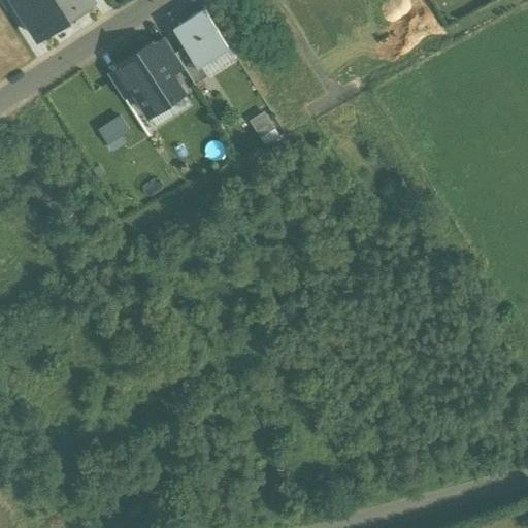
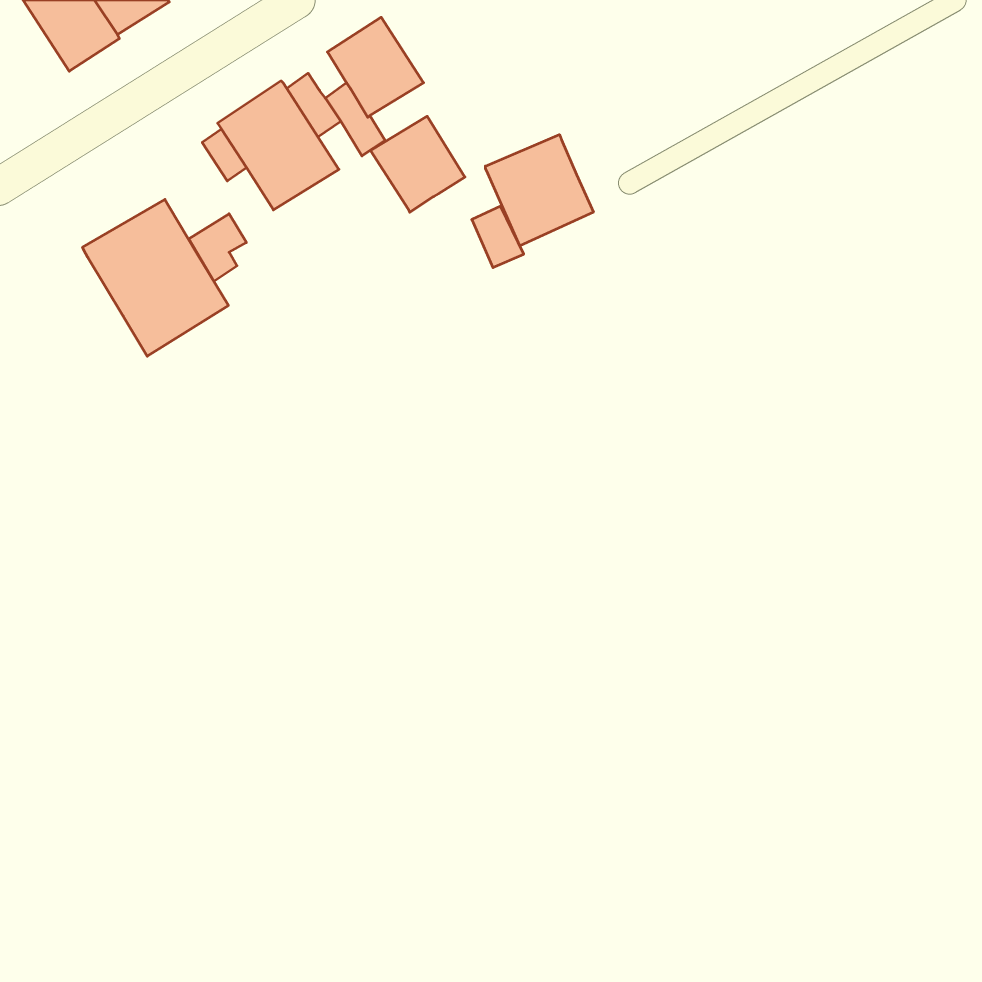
building: none -> [370,116,465,212]
building: none -> [485,135,593,246]
building: none -> [83,199,228,356]

